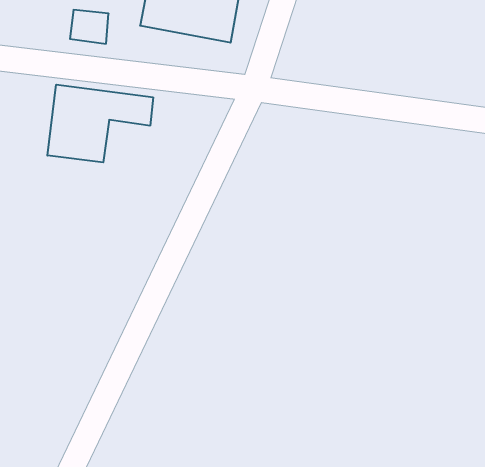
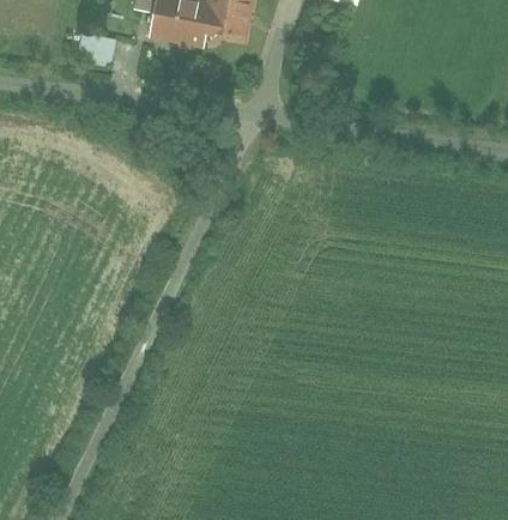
building: [47,85,153,162] -> none

